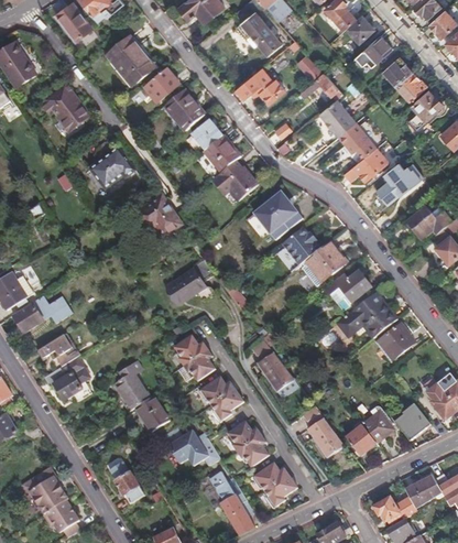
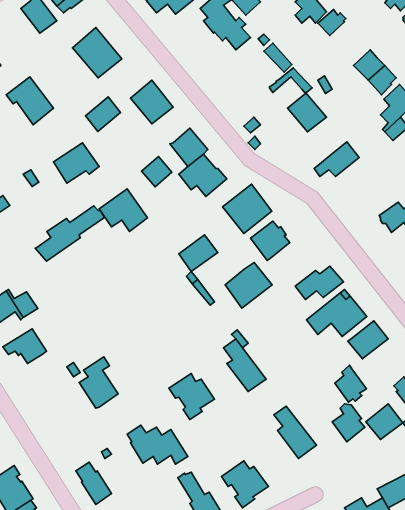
building: [356,36,392,67] -> none
building: [144,66,178,100] -> [86,97,120,131]
building: [239,69,284,105] -> none
building: [192,119,221,149] -> [142,156,172,187]
building: [337,123,375,158] -> none
building: [375,164,423,206] -> none
building: none -> [35,206,105,261]
building: [301,240,347,285] -> [225,262,272,308]
building: [167,270,206,306] -> [179,235,218,272]
building: [174,334,216,380] -> none
building: [44,357,90,399] -> none
building: [132,395,167,432] -> none
building: [345,420,375,456] -> [335,365,366,402]
building: [229,421,270,467] -> none

